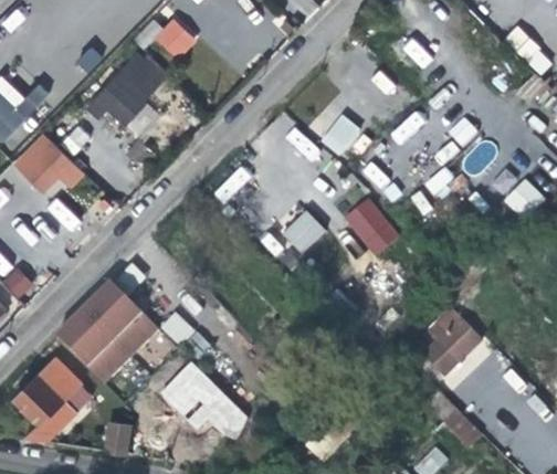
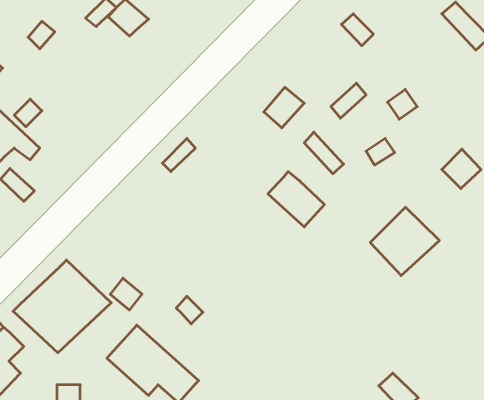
building: [88,53,169,128] -> none
building: [284,213,329,257] -> none
building: [416,308,487,379] -> [370,207,439,276]

